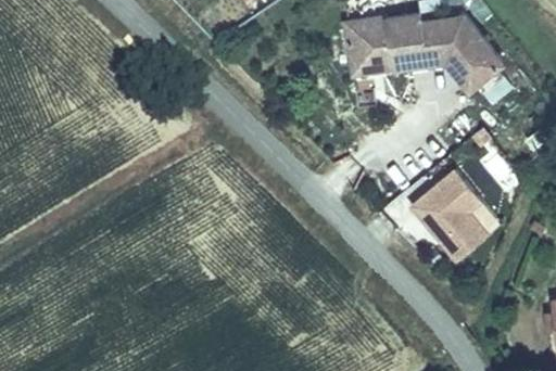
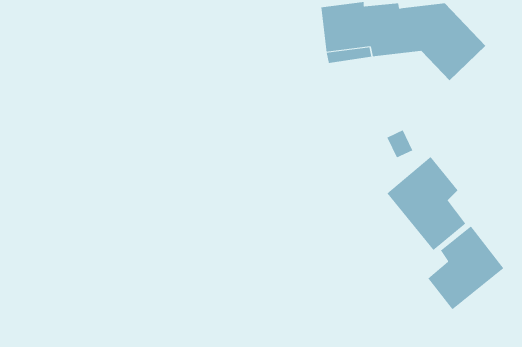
building: none -> [428,225,504,310]

